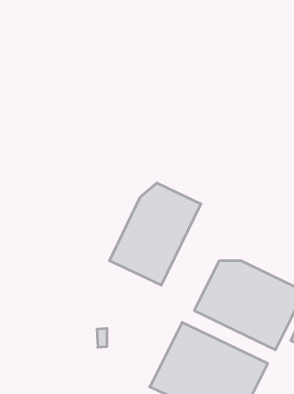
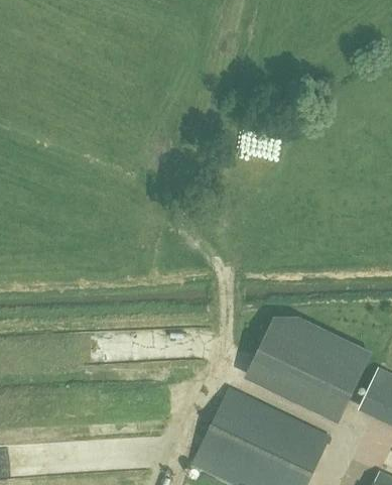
building: [109,183,201,285] -> none

